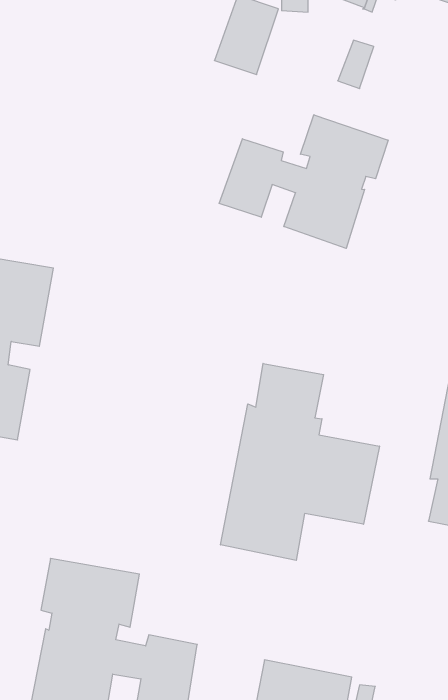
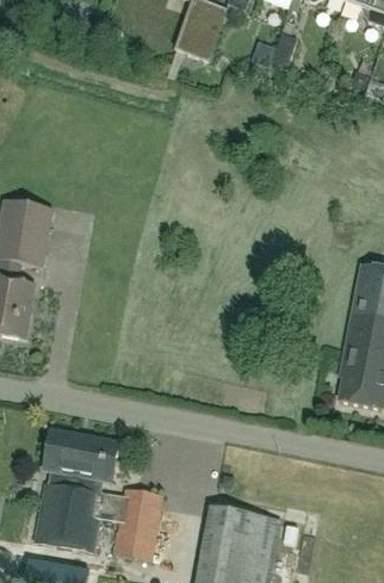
building: [219,115,388,248] -> none
building: [221,363,379,560] -> none

